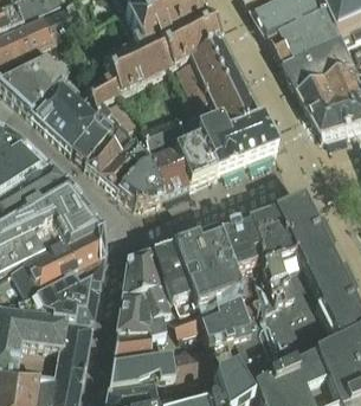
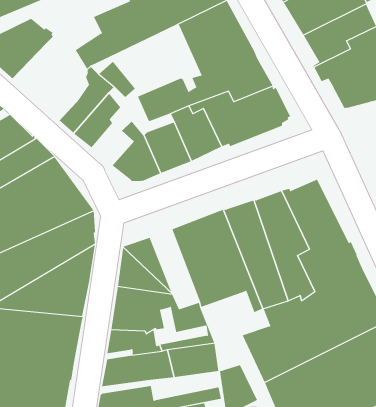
building: [28,77,96,146] -> none
building: [99,134,136,186] -> none
building: [152,243,195,314] -> none
building: [196,298,258,344] -> none

